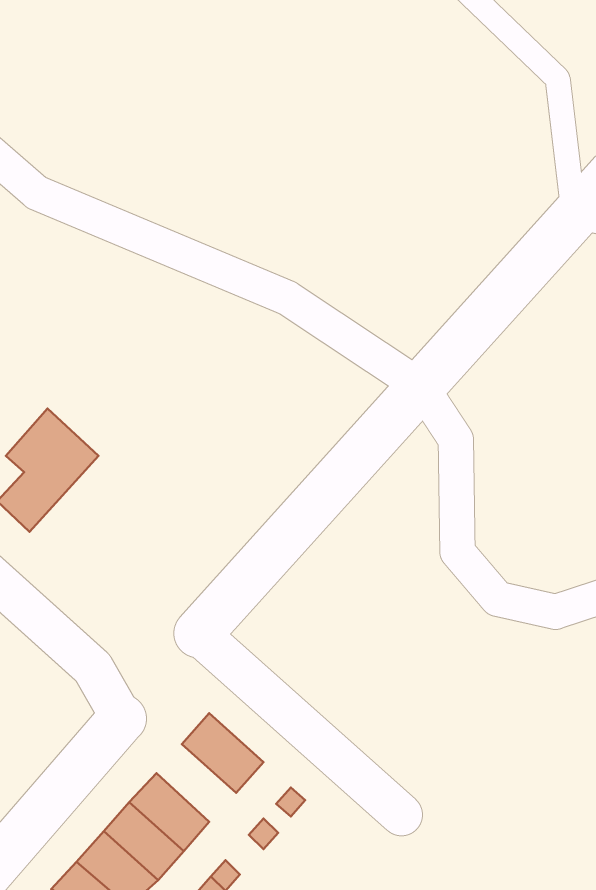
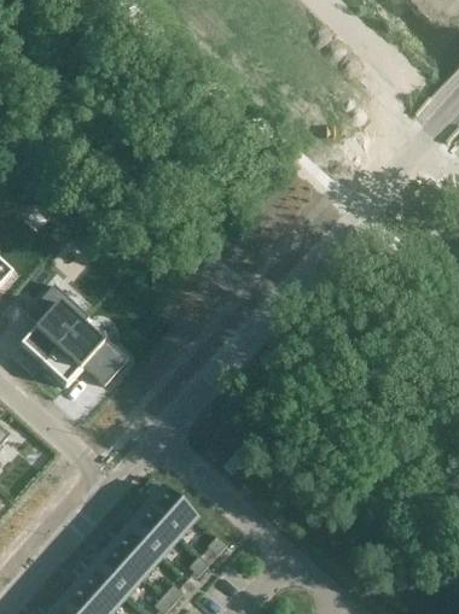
building: none -> [41,315,127,386]
building: none -> [126,507,179,559]

